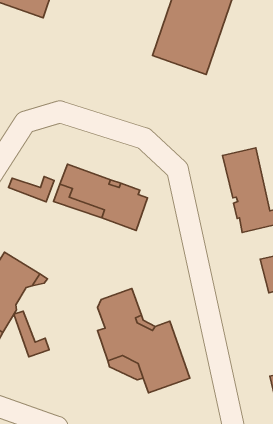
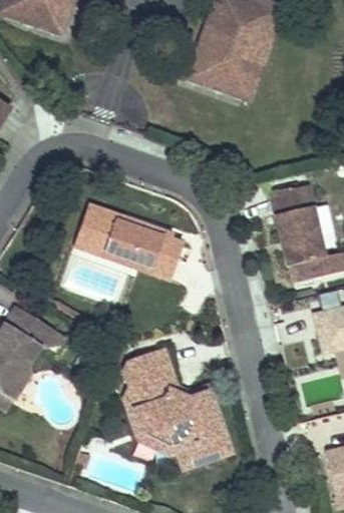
building: [9,177,54,202] -> none
building: [14,311,49,357] -> none

